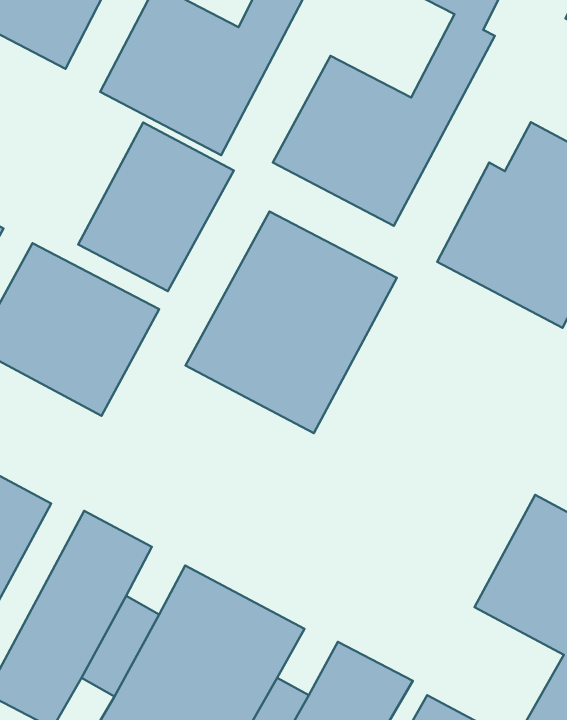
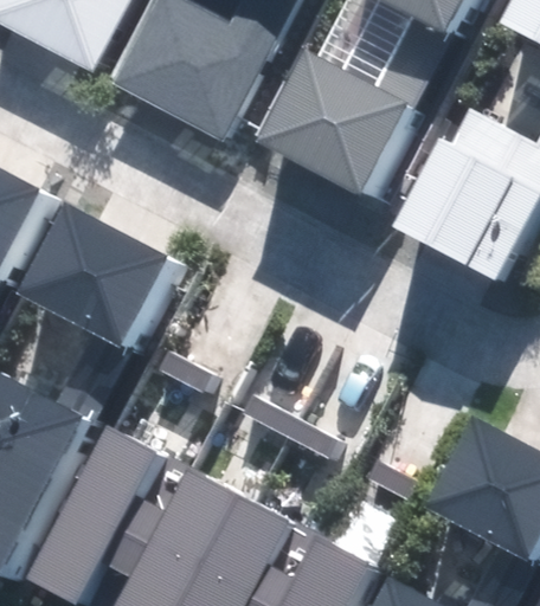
building: [78,123,234,291] -> none
building: [185,211,397,433] -> none

